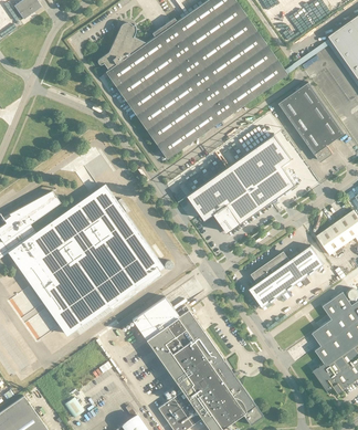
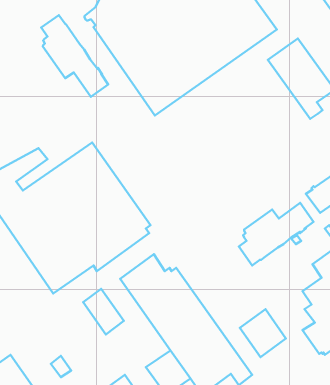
building: none -> [41,15,108,97]
building: [187,134,295,232] -> none
building: none -> [83,289,124,335]
building: none -> [240,309,286,357]

